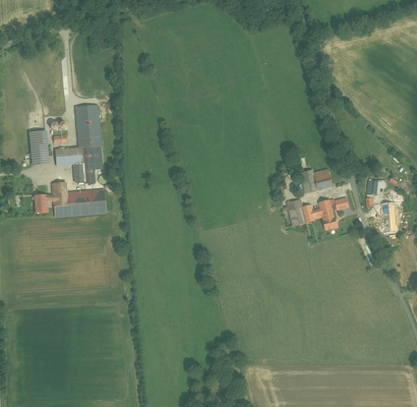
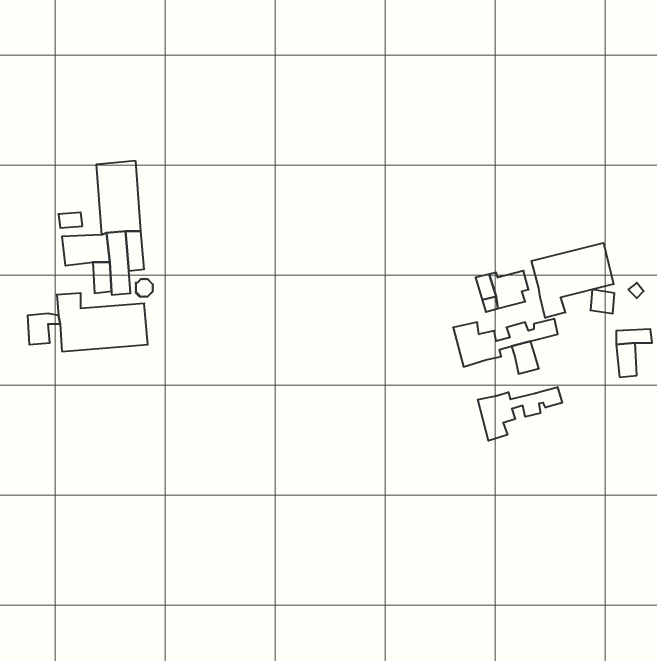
building: [28,130,50,165] -> none
building: none -> [531,243,614,318]
building: none -> [478,387,562,441]

